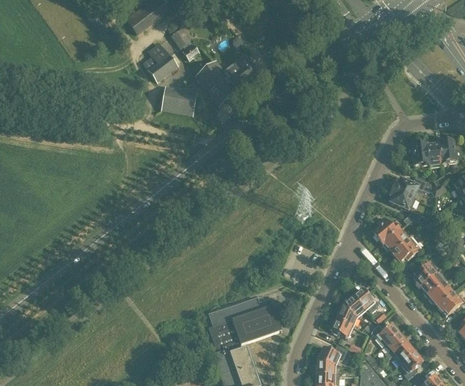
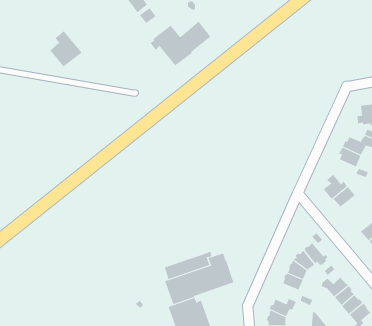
building: [144,43,178,81] -> [50,30,82,67]
building: [163,88,197,114] -> none
building: [392,238,421,263] -> none

